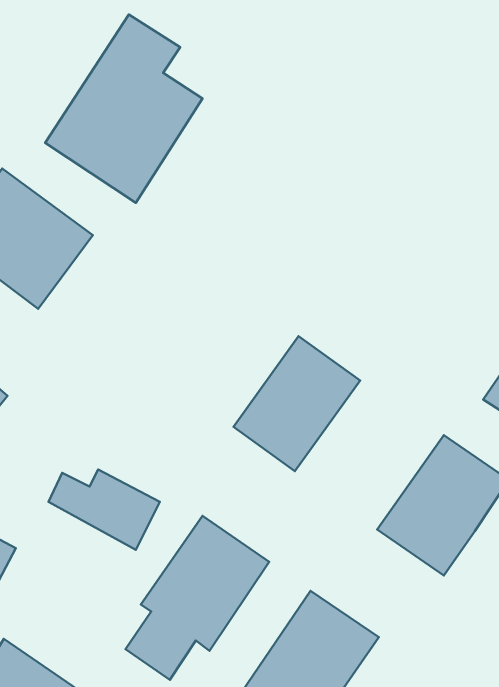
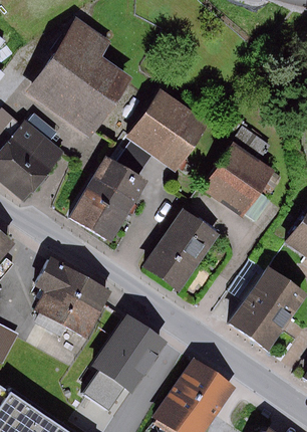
building: none -> [133,91,208,167]
building: none -> [207,145,274,213]
building: none -> [69,156,148,241]
building: none -> [35,257,109,307]

